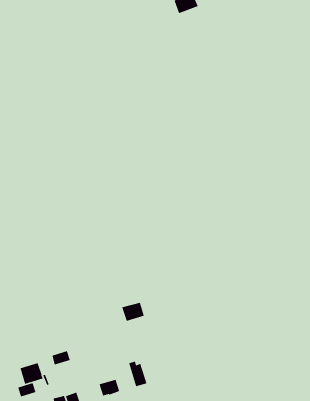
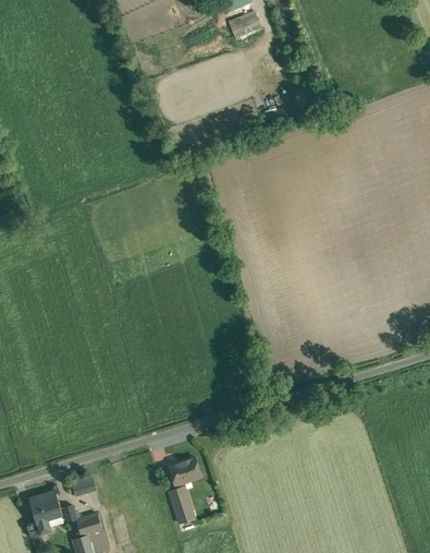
building: [121,302,145,322] -> [170,459,200,485]
building: [98,379,120,397] -> [75,513,103,536]

